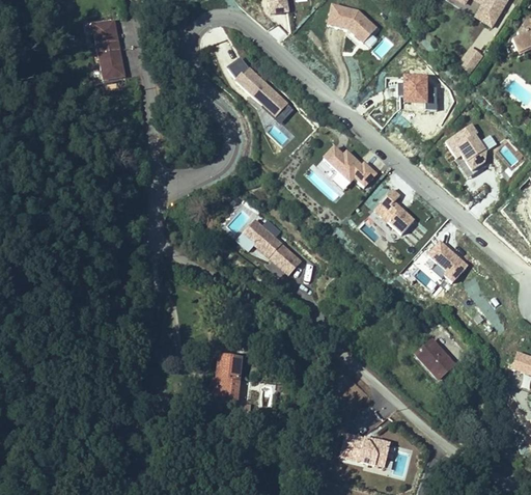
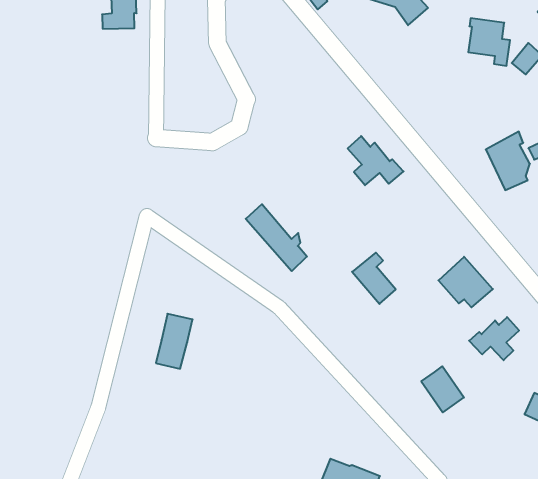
building: [228,57,294,122] -> none
building: [399,70,437,107] -> [468,18,510,66]
building: [373,189,414,233] -> [352,253,396,304]
building: none -> [469,317,519,360]
building: [215,355,242,402] -> [156,314,193,369]

